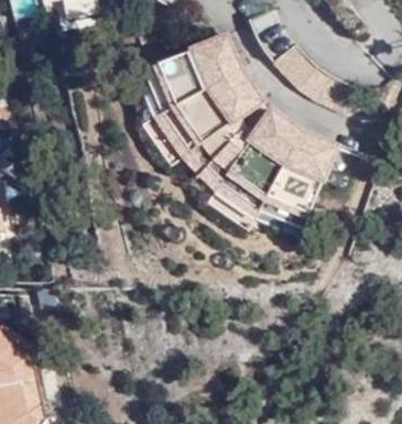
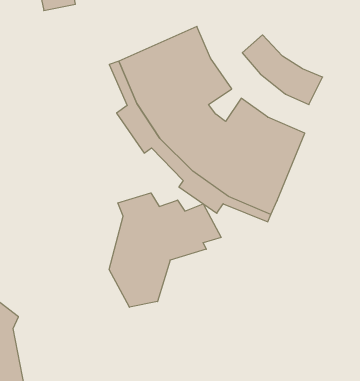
building: none -> [109,193,221,307]

